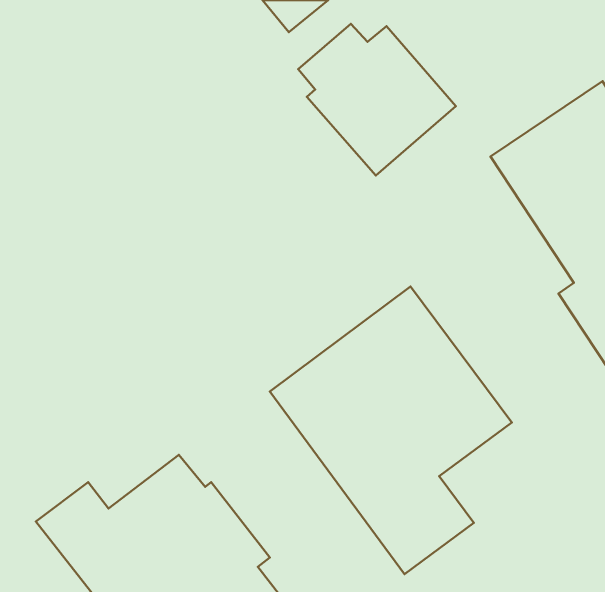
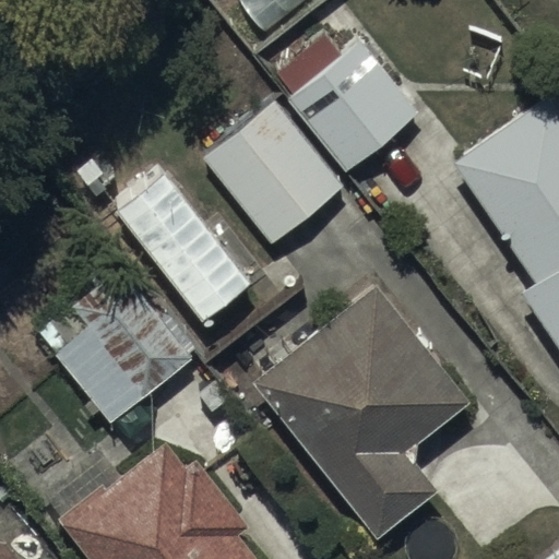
building: none -> [200,100,347,250]
building: none -> [112,168,252,322]
building: none -> [37,257,200,437]

